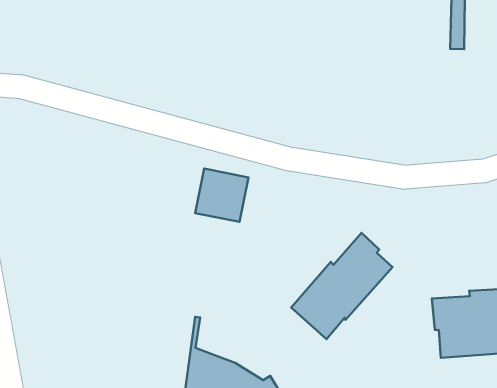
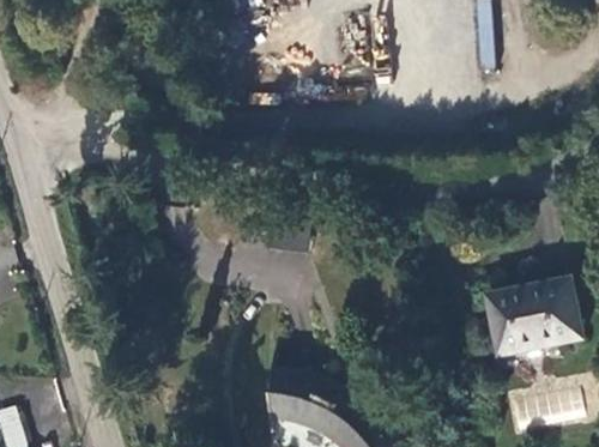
building: [291,233,393,339] -> none

